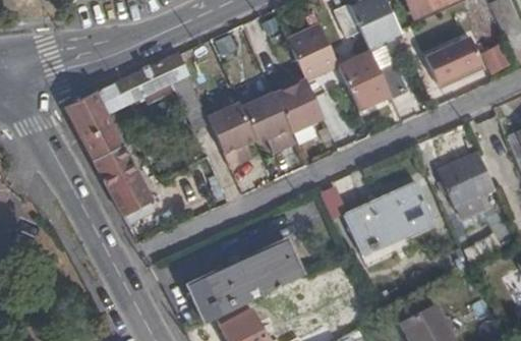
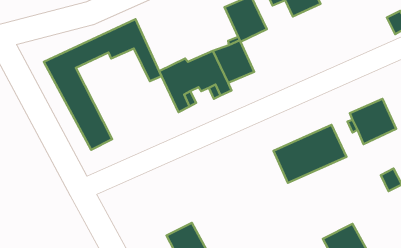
building: [425,37,483,88] -> none
building: [337,52,405,111] -> none
building: [185,238,302,324] -> none

